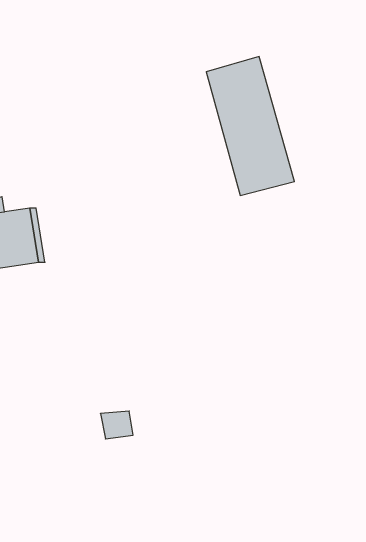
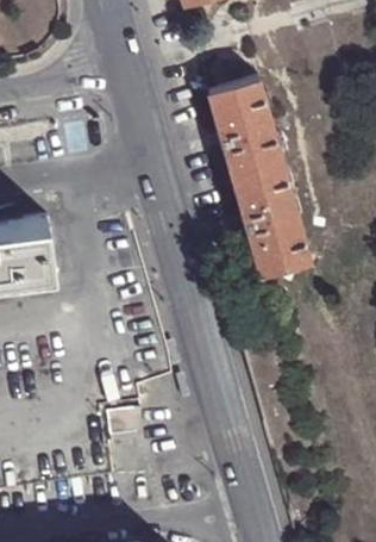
building: none -> [240,197,311,275]

